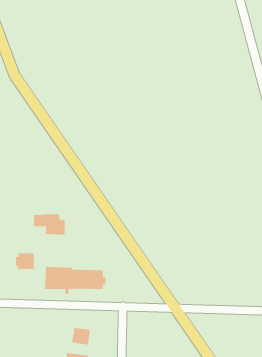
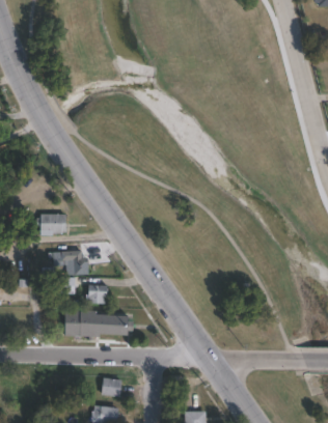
building: none -> [39,213,67,235]
building: [15,253,35,269] -> [88,284,110,303]

